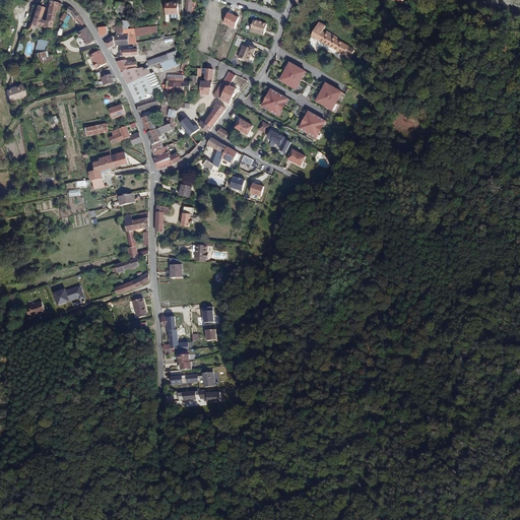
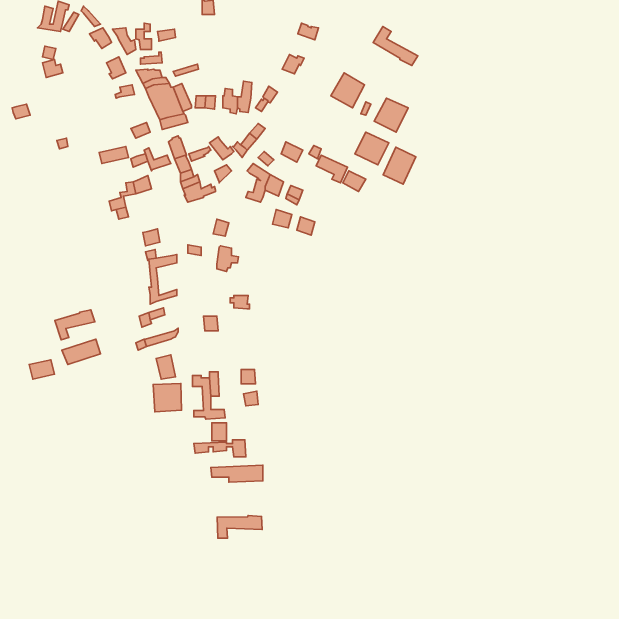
building: [260,87,288,116] -> none
building: none -> [383,147,416,184]
building: none -> [55,310,95,340]
building: none -> [153,383,181,412]
building: none -> [217,516,262,538]

